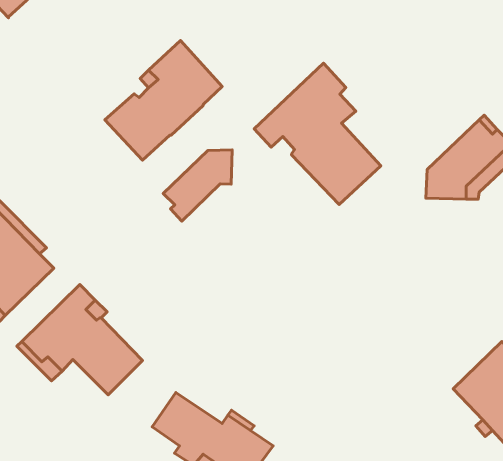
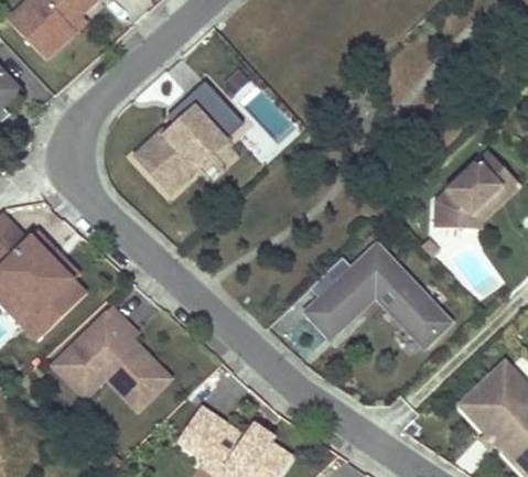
building: [254,63,381,205] -> none
building: [163,150,232,221] -> none
building: none -> [309,248,446,344]

